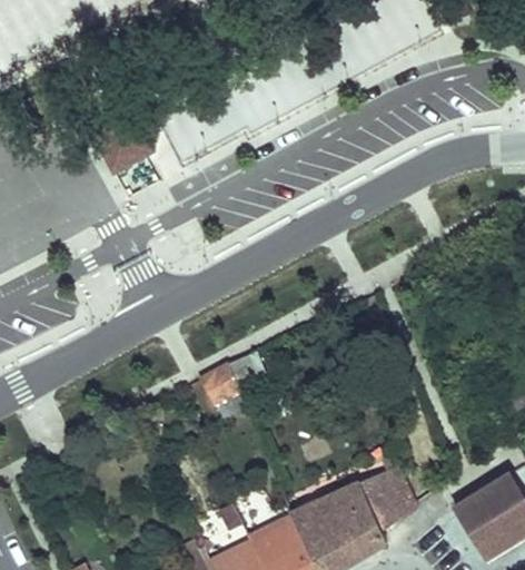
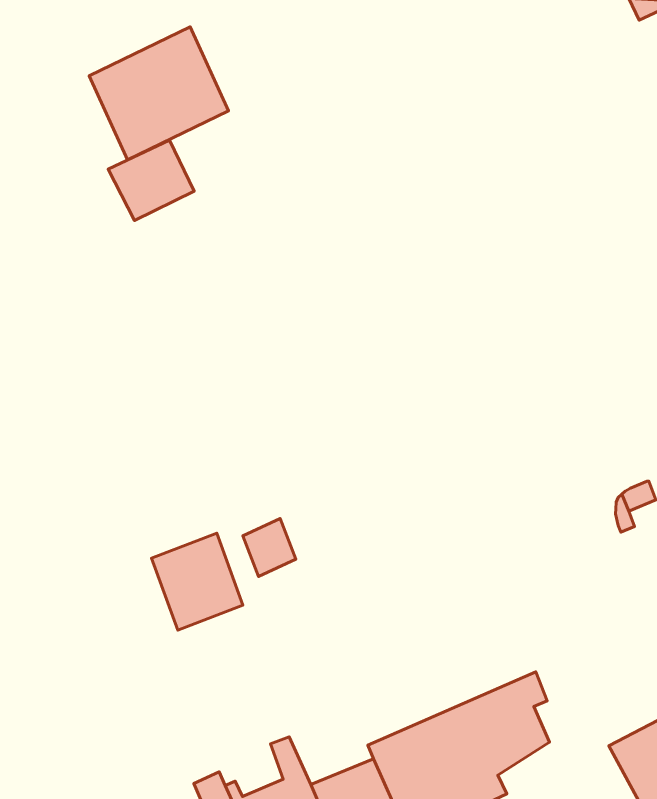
building: none -> [89,27,229,160]
building: none -> [152,533,243,630]

